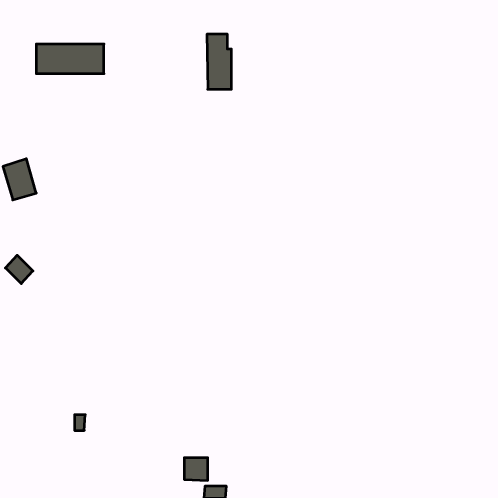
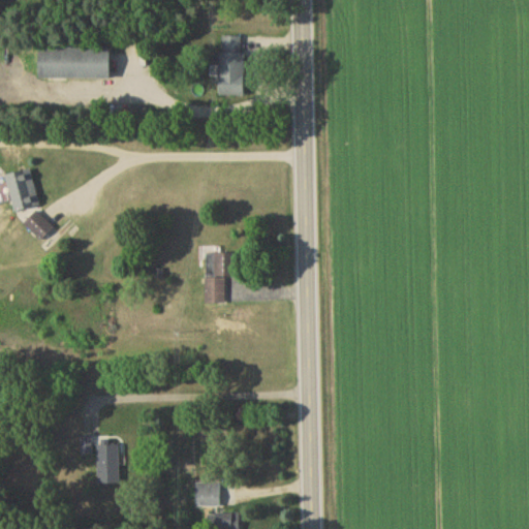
building: none -> [205,252,237,304]
building: [5,255,33,284] -> [24,211,53,241]
building: none -> [97,444,118,484]

